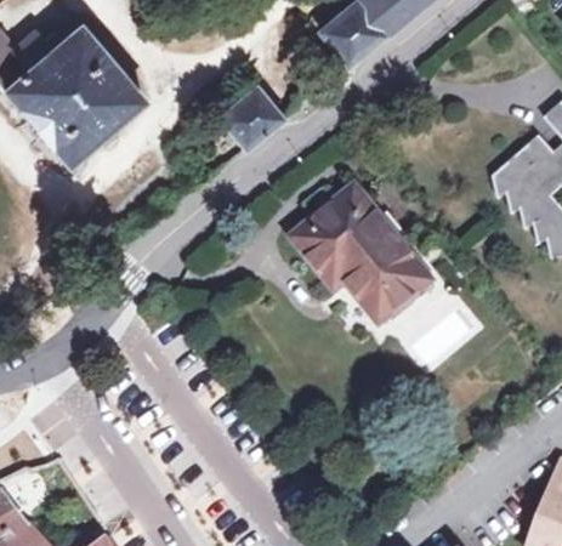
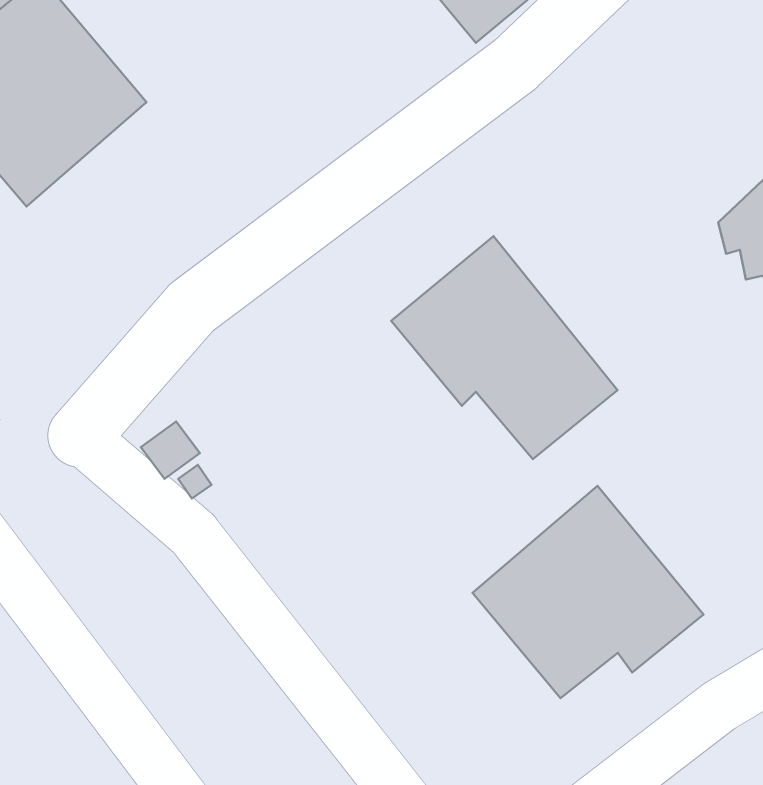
building: [218,85,282,148] -> none
building: none -> [473,486,704,698]

